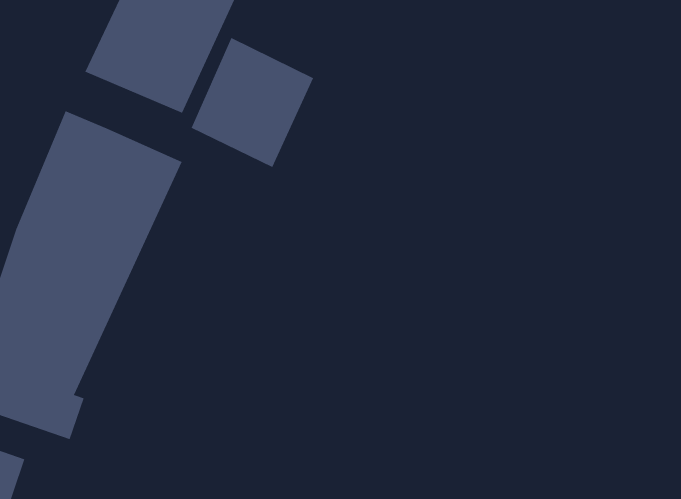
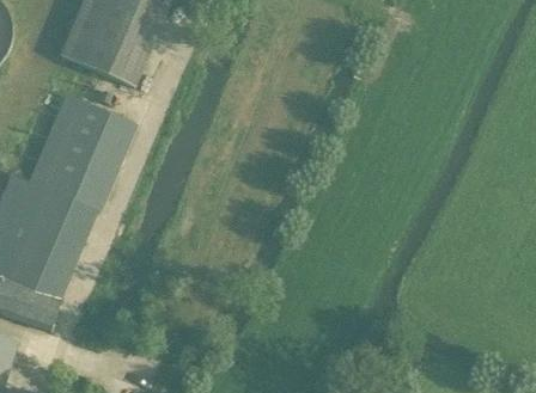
building: [191,37,314,168] -> none

